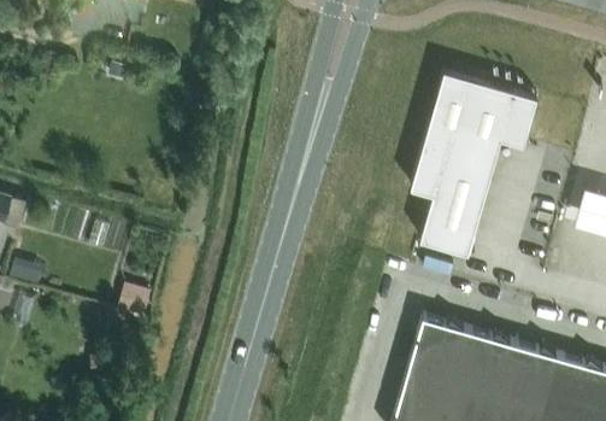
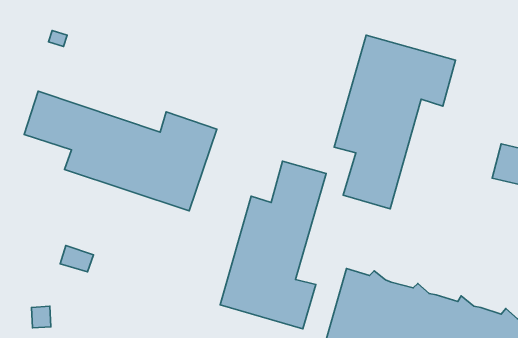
building: none -> [24,91,217,211]
building: none -> [220,161,326,329]

